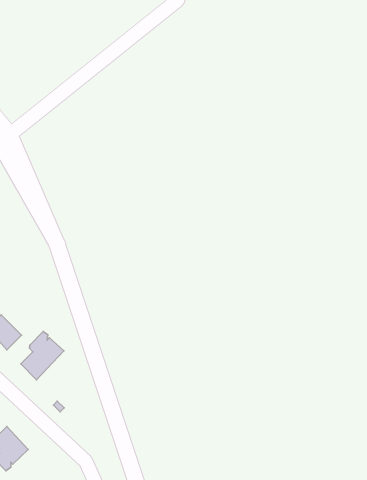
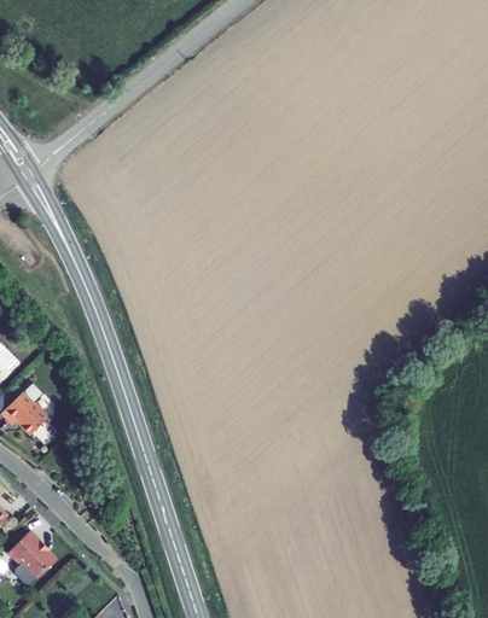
building: [21,332,64,380] -> none

